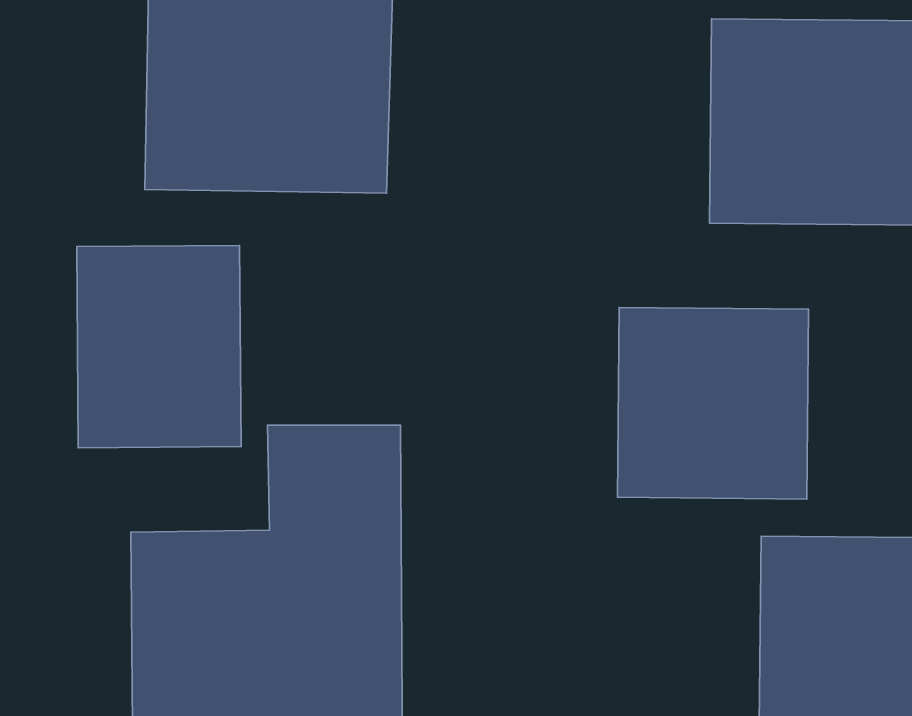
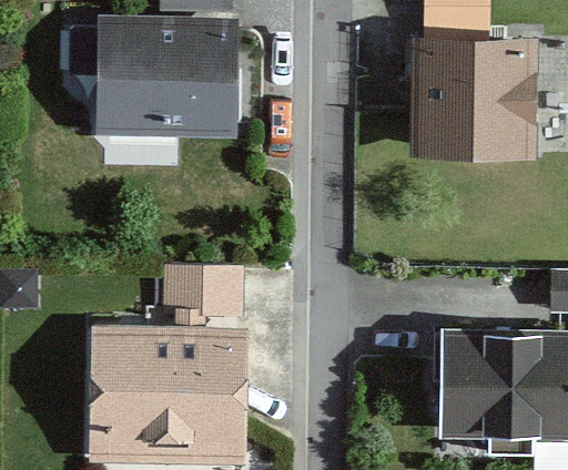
building: [77,245,241,448] -> none
building: [617,307,809,499] -> none

